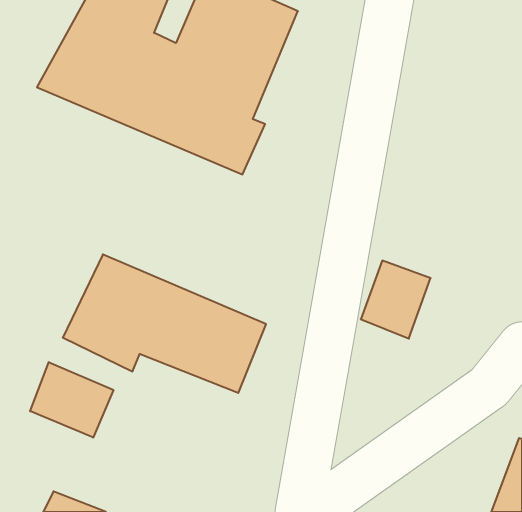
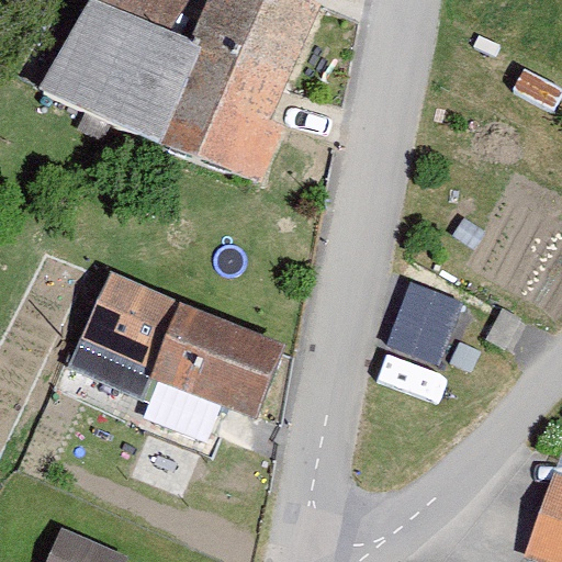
building: [30,362,113,438] -> none

